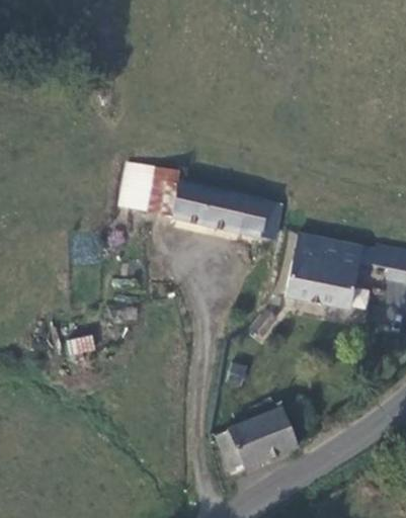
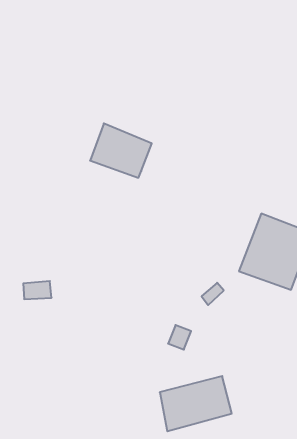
building: [169,174,278,238] -> none

